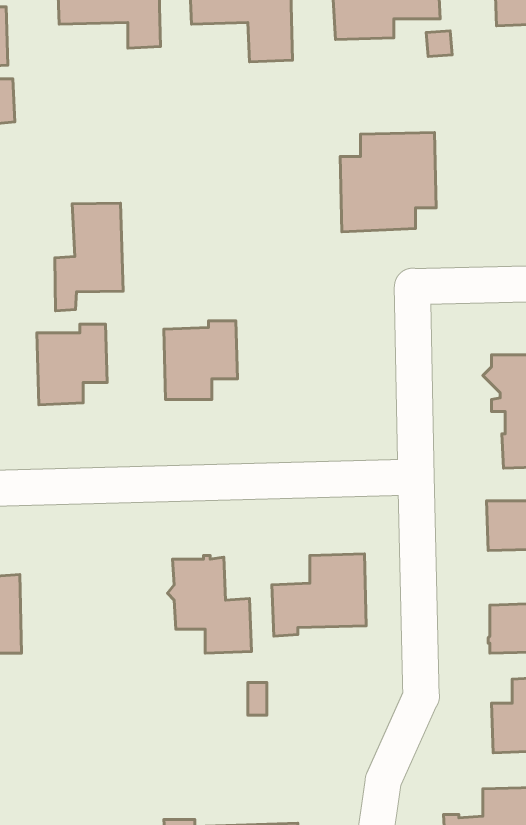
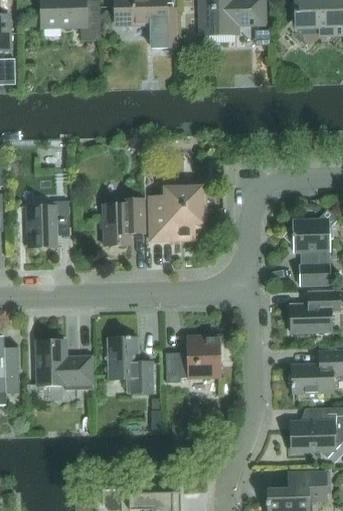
building: [340,132,436,232] -> [149,183,205,241]
building: [55,203,123,311] -> none
building: none -> [36,339,93,390]

